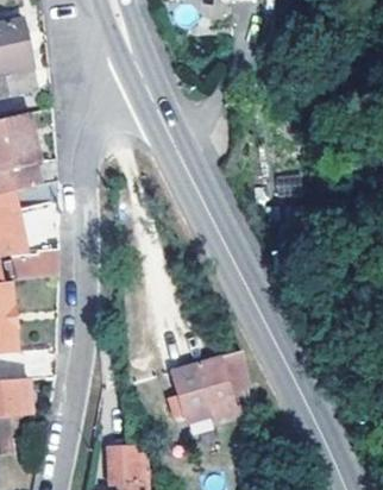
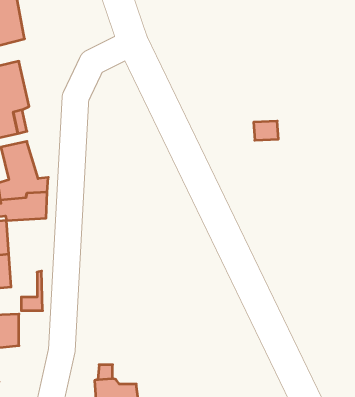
building: [170,345,250,419] -> none

